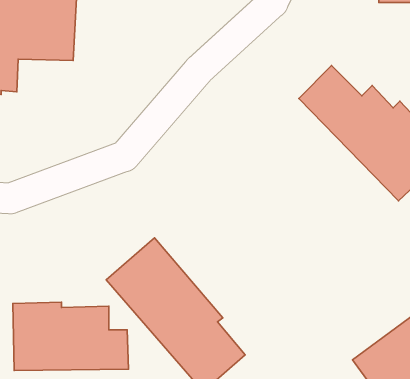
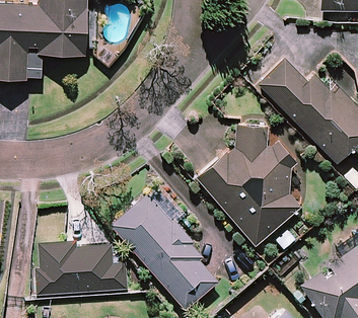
building: none -> [197,122,302,246]

